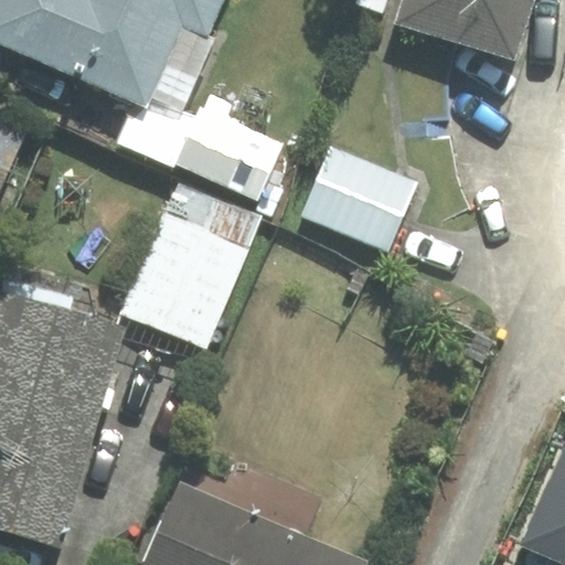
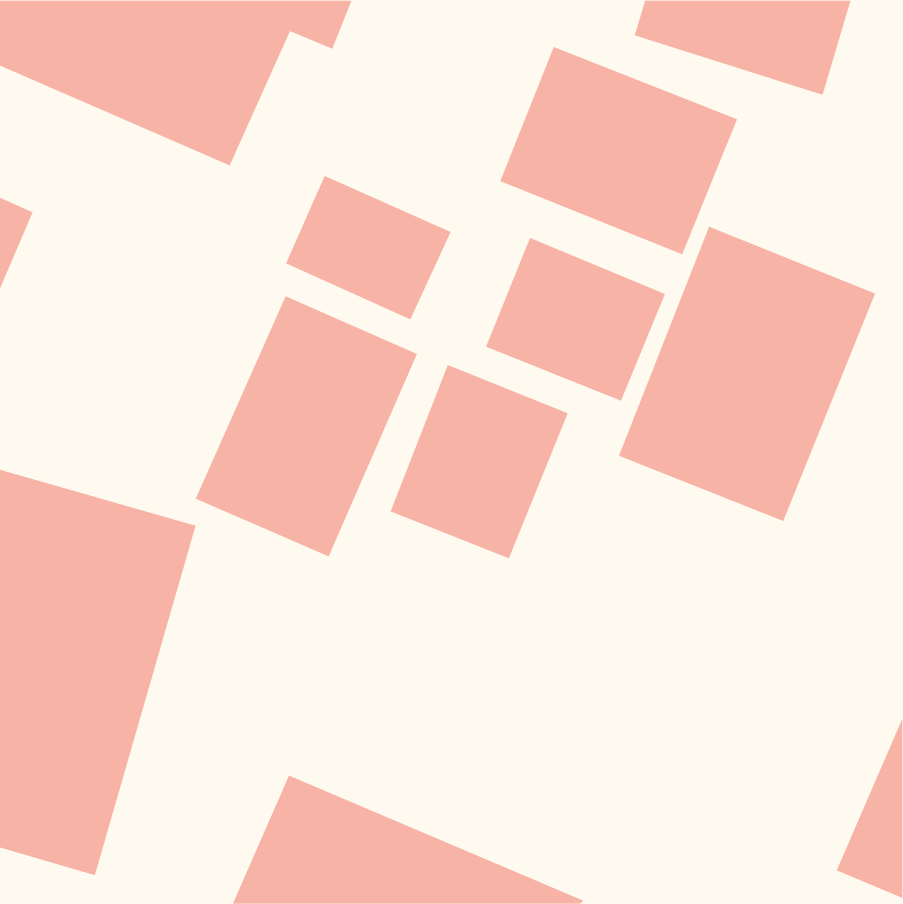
building: none -> [500,46,738,255]
building: none -> [618,226,876,522]
building: none -> [390,364,568,559]

